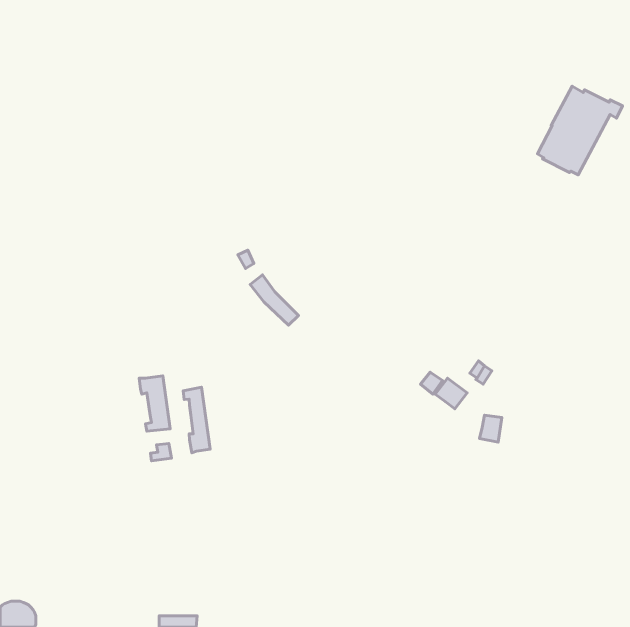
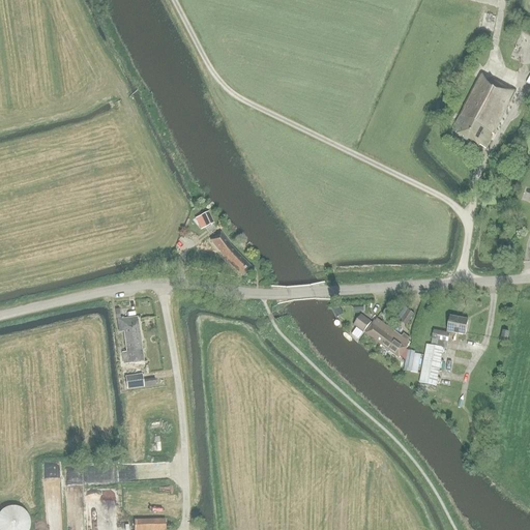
building: none -> [419,315,469,384]
building: [183,387,210,453] -> none
building: none -> [382,330,409,359]

